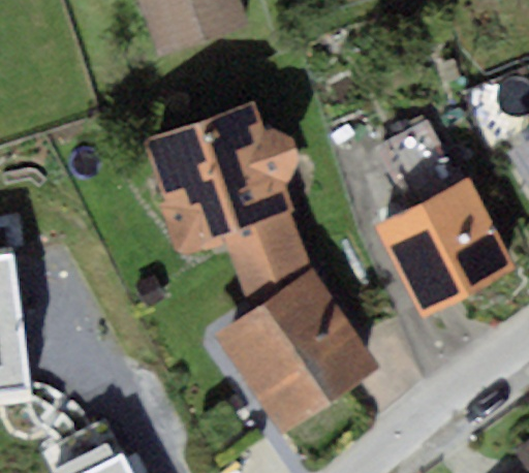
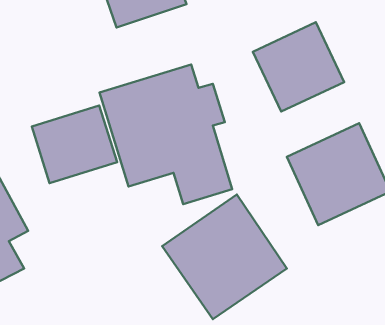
building: none -> [253,22,344,112]
building: none -> [32,106,117,183]

